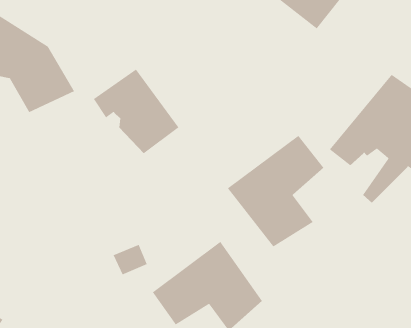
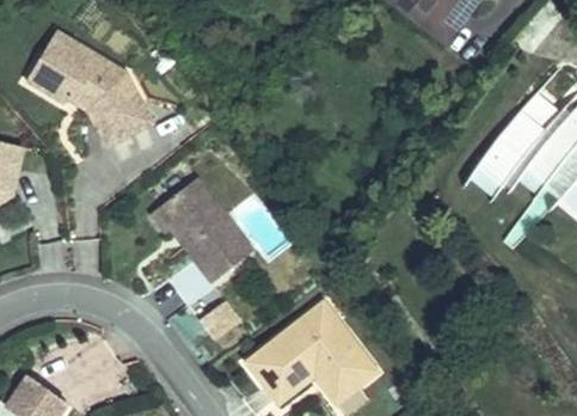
building: [93,69,179,154] -> [149,178,254,282]
building: [227,135,324,247] -> none

